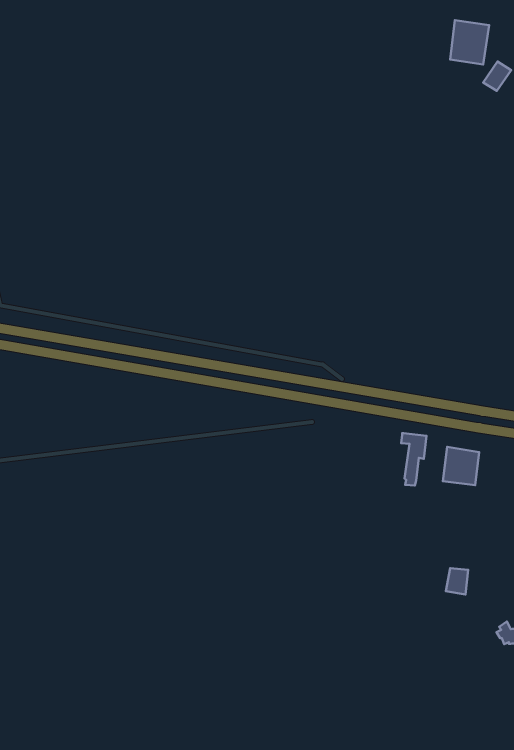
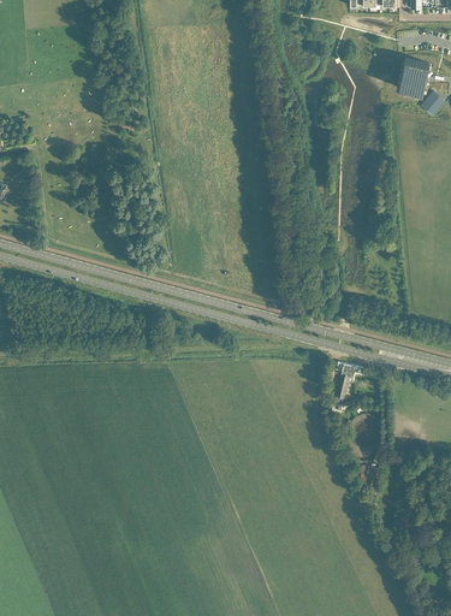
building: [443,447,479,485] -> none

